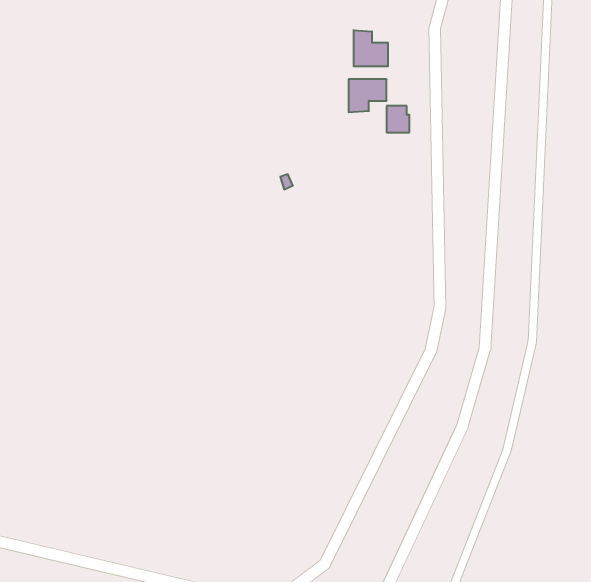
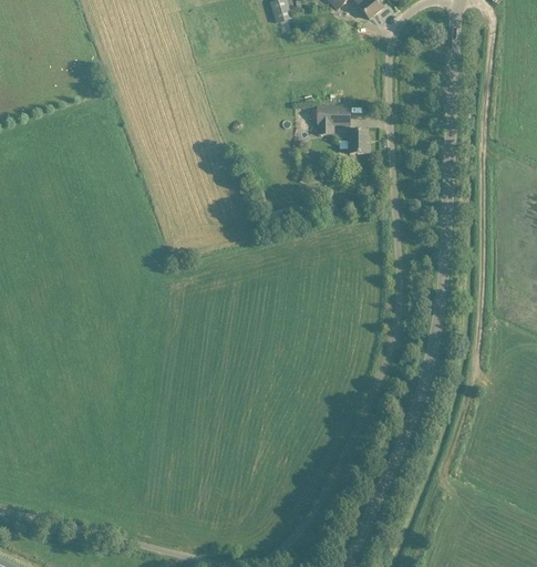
building: [354,30,388,66] -> none

